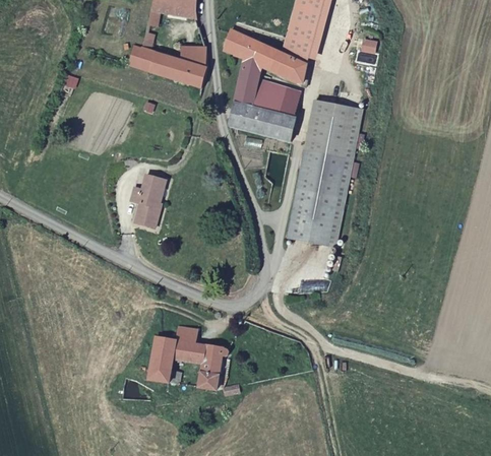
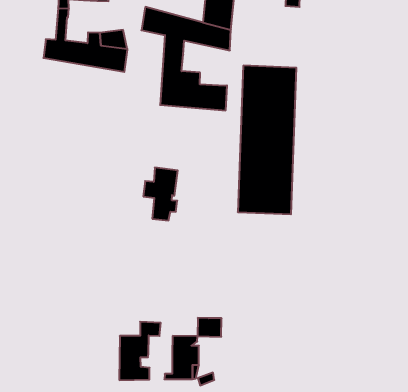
building: [254,80,299,116] -> none
building: [131,174,168,225] -> [143,168,178,220]
building: [180,339,205,361] -> [197,318,222,337]

